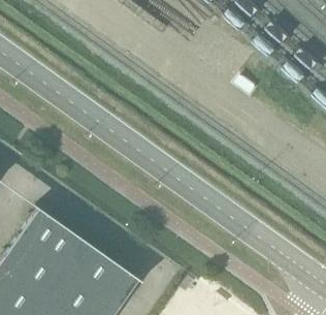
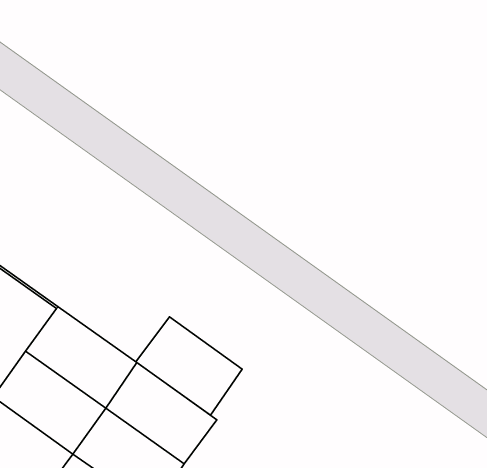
building: none -> [136,317,242,415]

